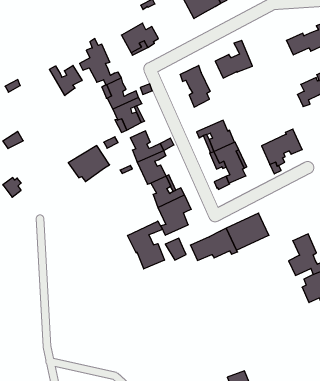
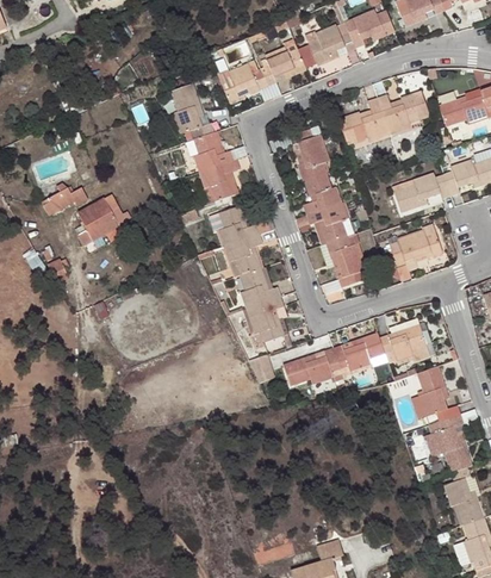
building: none -> [260,43,305,85]
building: none -> [378,94,429,135]
building: [49,65,82,96] -> none
building: none -> [392,172,450,212]
building: none -> [302,173,342,215]
building: [68,146,110,182] -> [72,193,126,240]
building: none -> [379,318,430,366]
building: [128,221,164,269] -> none

